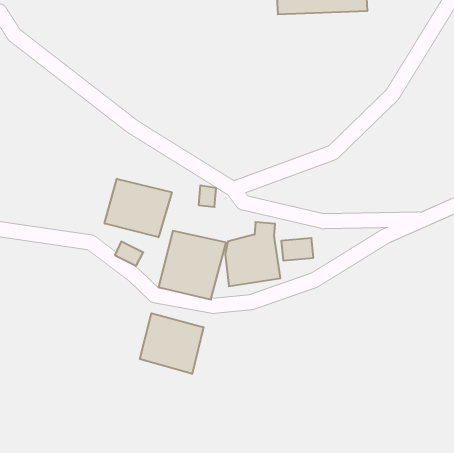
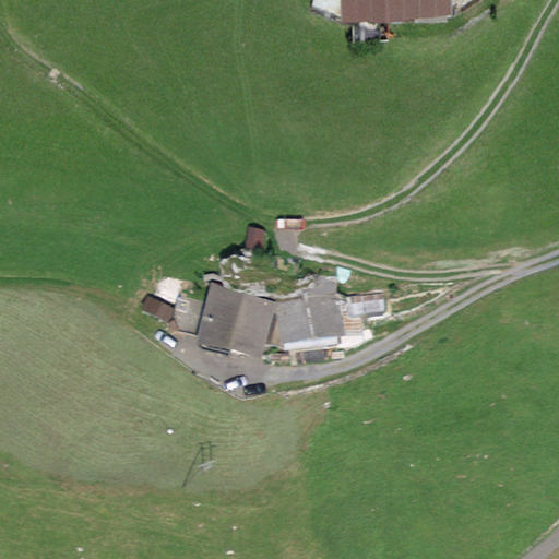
building: [105,179,172,237] -> none
building: [140,313,203,374] -> none

